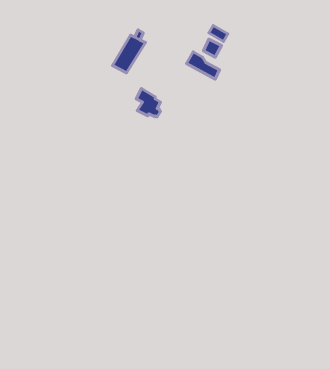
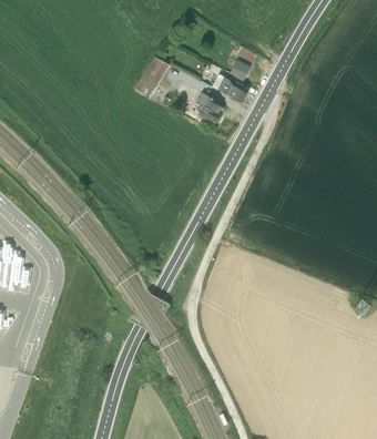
building: [136,88,160,117] -> [195,94,221,124]

